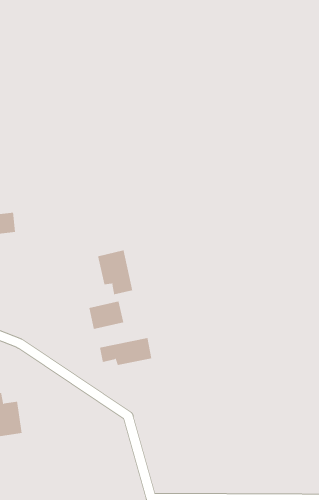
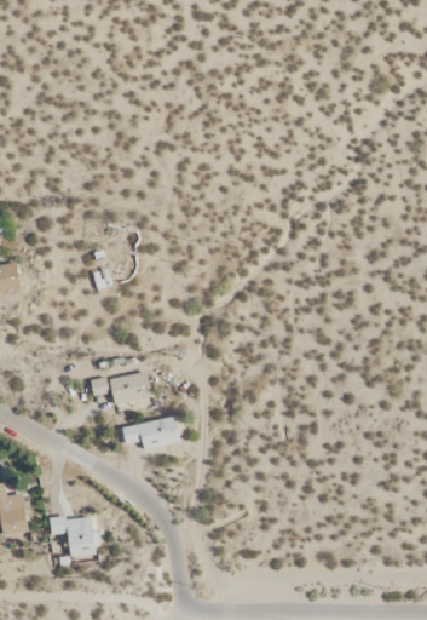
building: [97,250,133,295] -> none
building: none -> [50,513,97,558]

